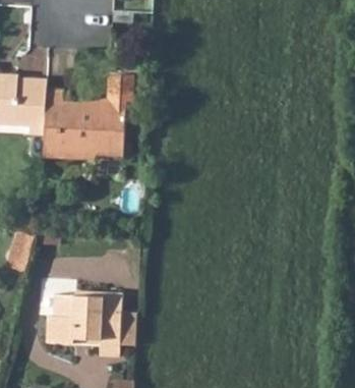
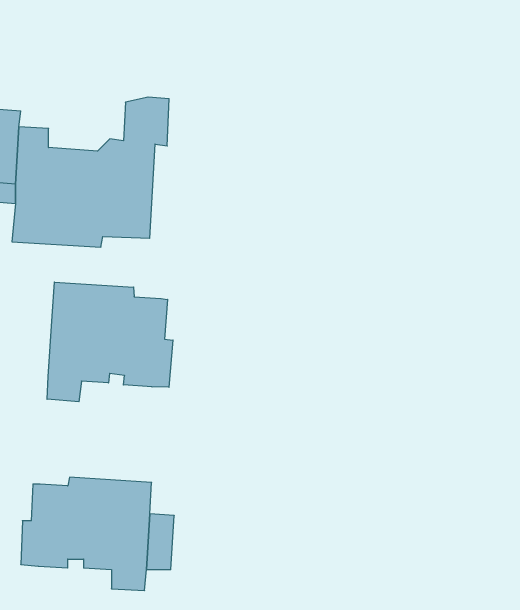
building: none -> [47,282,173,402]

